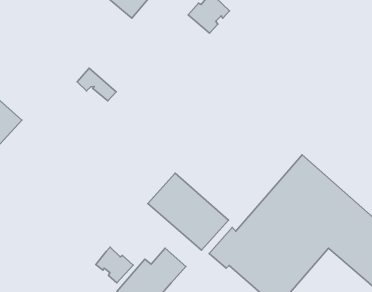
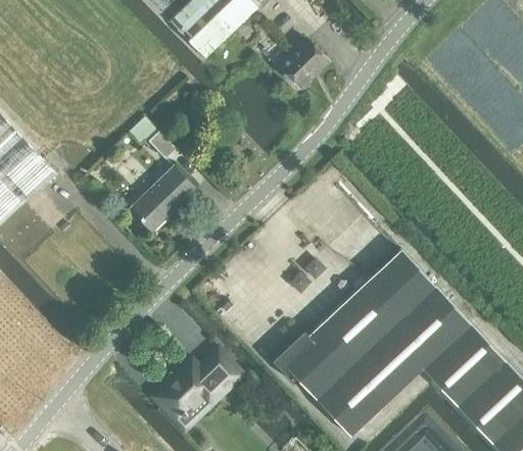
building: none -> [130,164,196,232]
building: [148,173,229,250] -> none
building: [96,247,133,283] -> none

